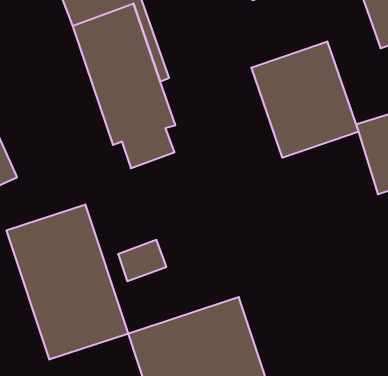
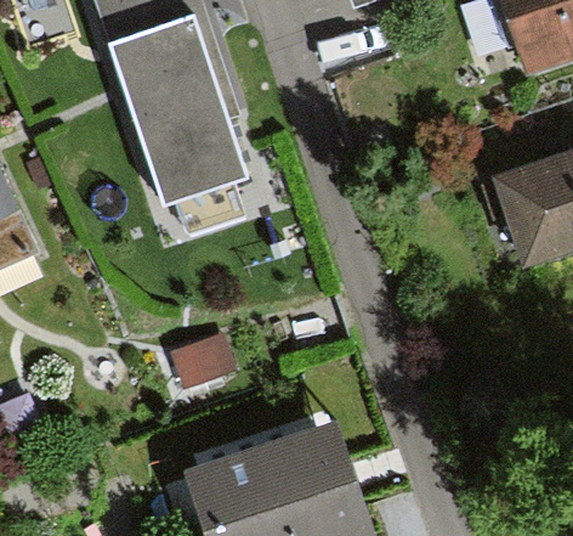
building: [251,41,358,158] -> none
building: [7,204,128,360] -> none

